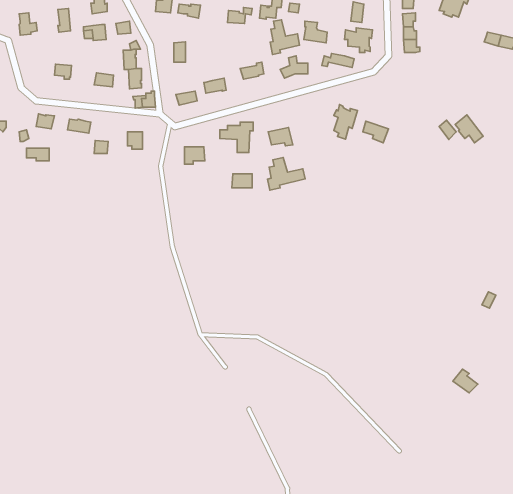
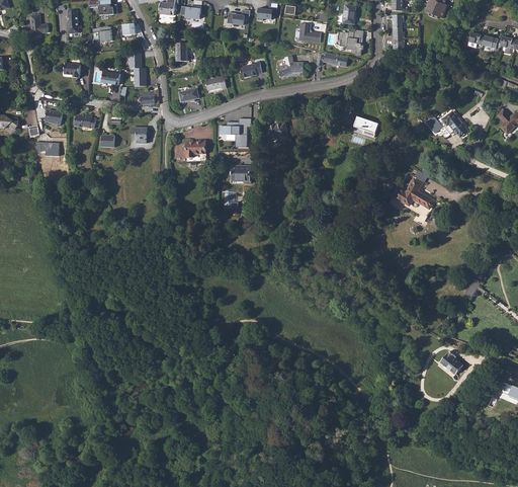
building: [270,20,300,54] -> none
building: [334,105,358,139] -> none
building: [267,158,305,190] -> none
building: none -> [393,178,433,208]

